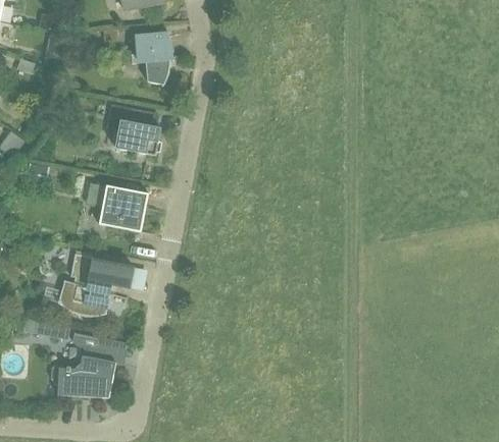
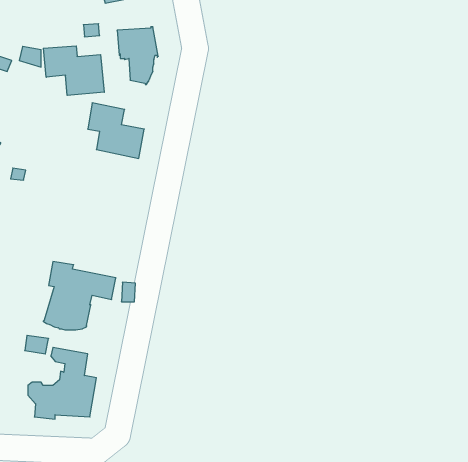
building: none -> [43,46,104,95]
building: [98,184,147,231] -> none

